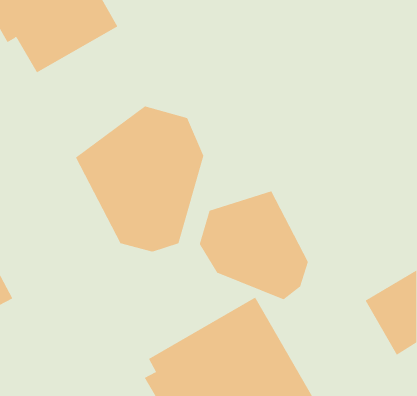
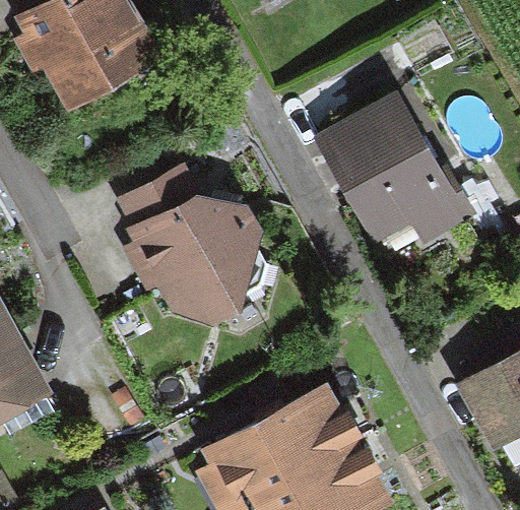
building: none -> [313,88,478,250]
building: [199,190,309,300] -> none

